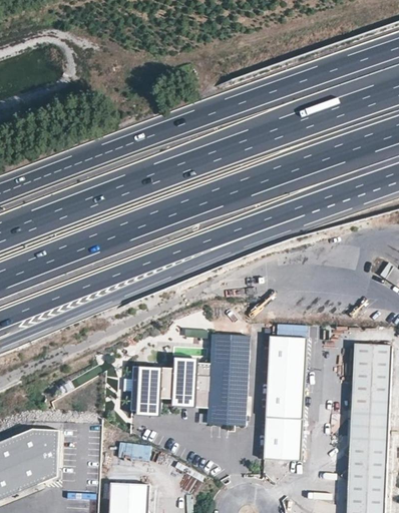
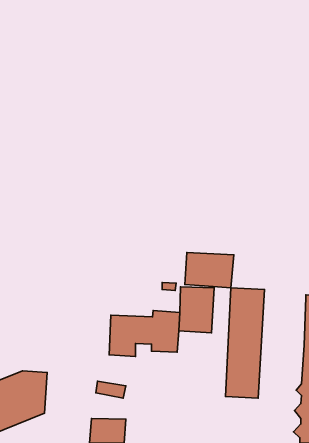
building: none -> [185,253,234,288]
building: [208,384,247,426] -> none

